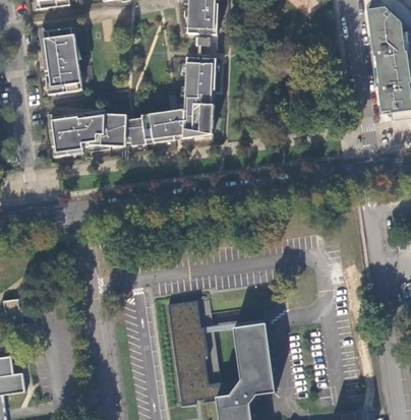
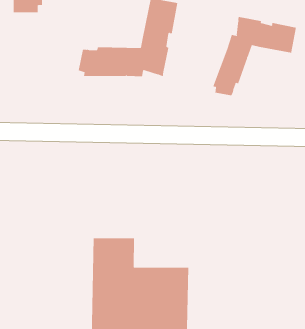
building: none -> [212,16,297,96]
building: [52,112,127,155] -> none

